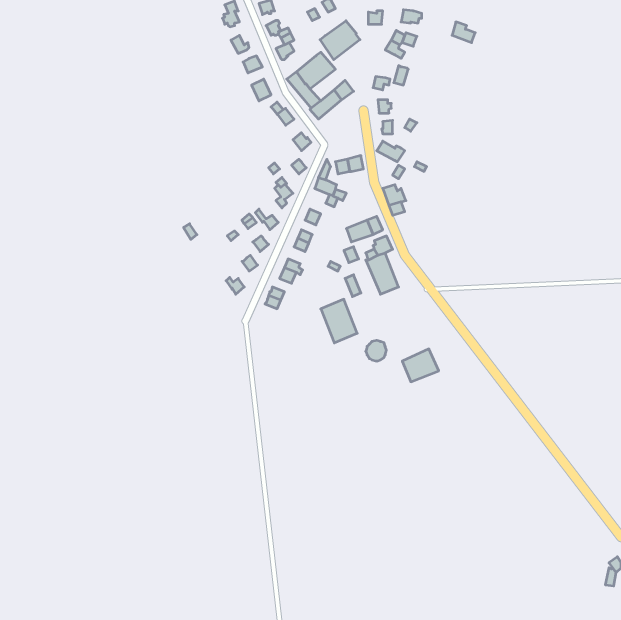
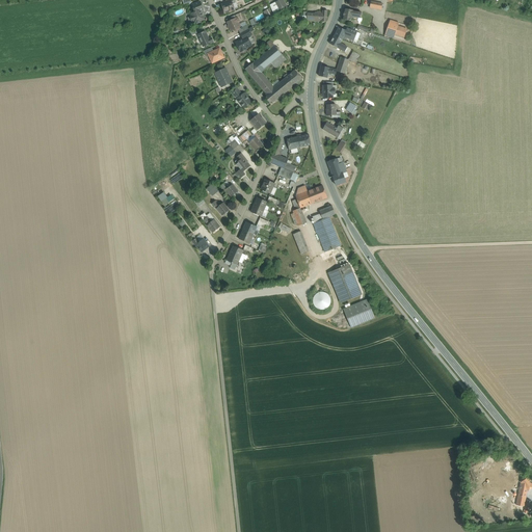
building: [320,21,360,60] -> none
building: [321,299,357,343] -> [329,264,361,301]

